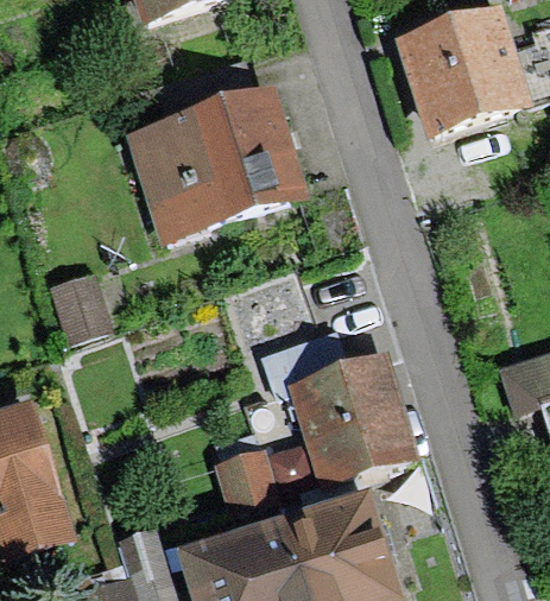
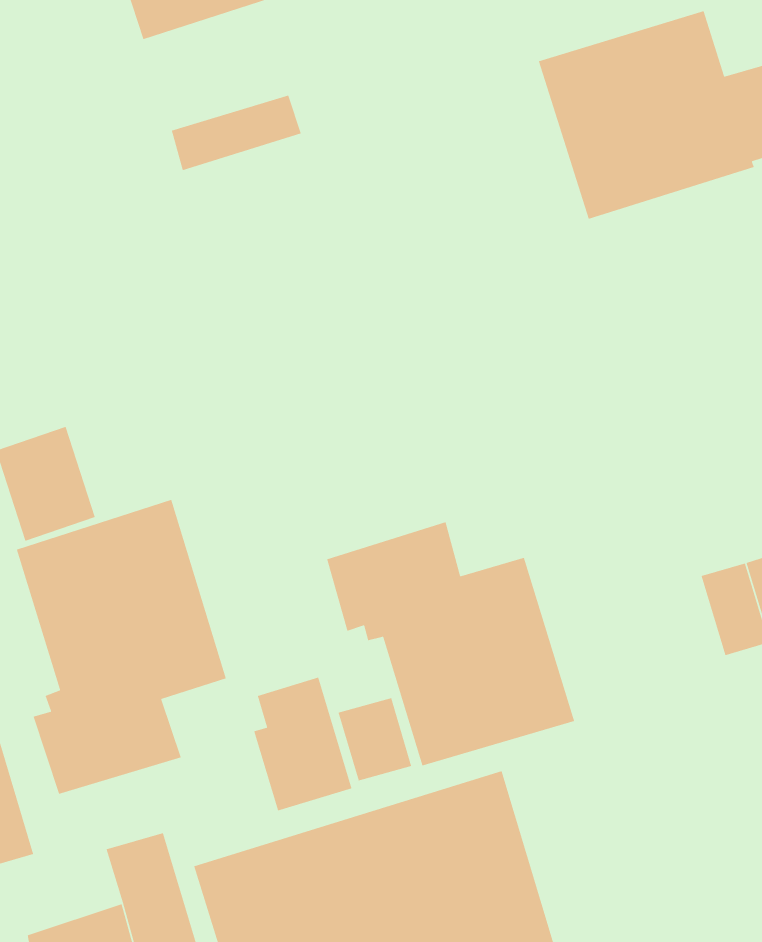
building: [126,87,311,248] -> none
building: none -> [16,499,227,795]

